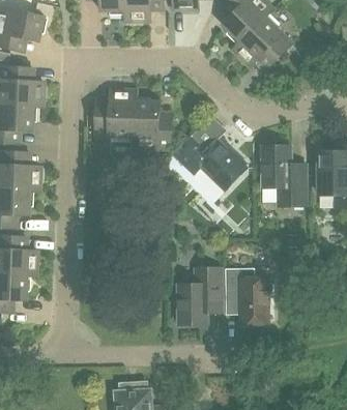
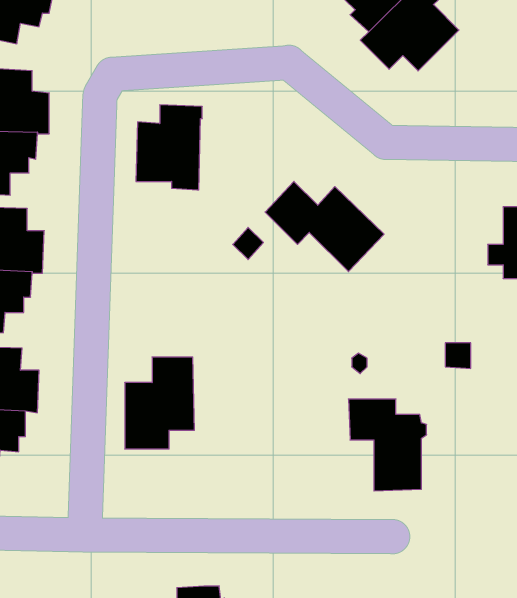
building: [133,96,172,148] -> none
building: [262,145,307,205] -> none
building: [179,267,222,323] -> [125,357,194,449]

